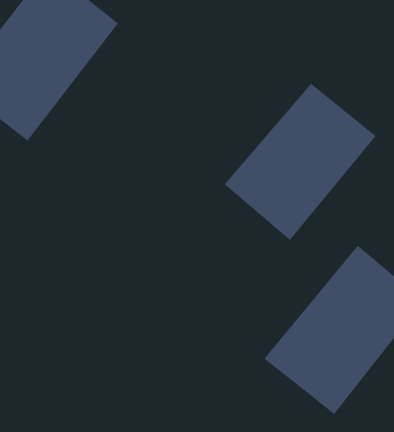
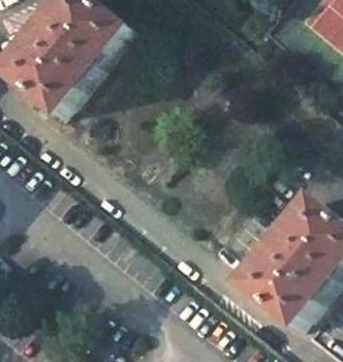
building: [224,83,376,241] -> none

